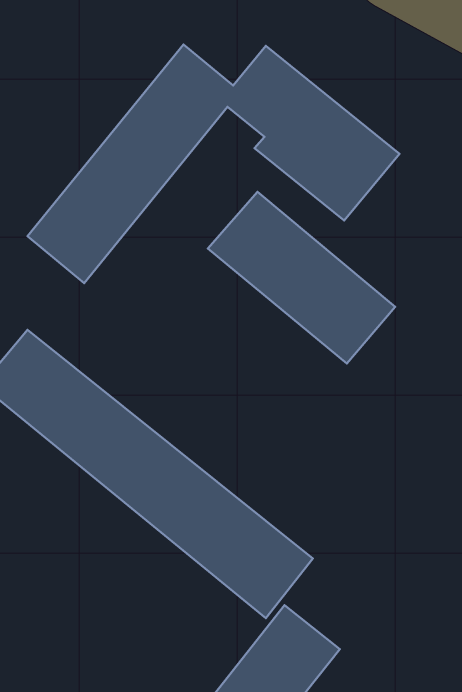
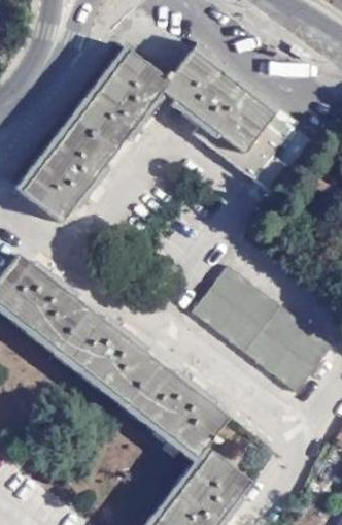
building: [208,192,395,364] -> [192,269,328,394]

